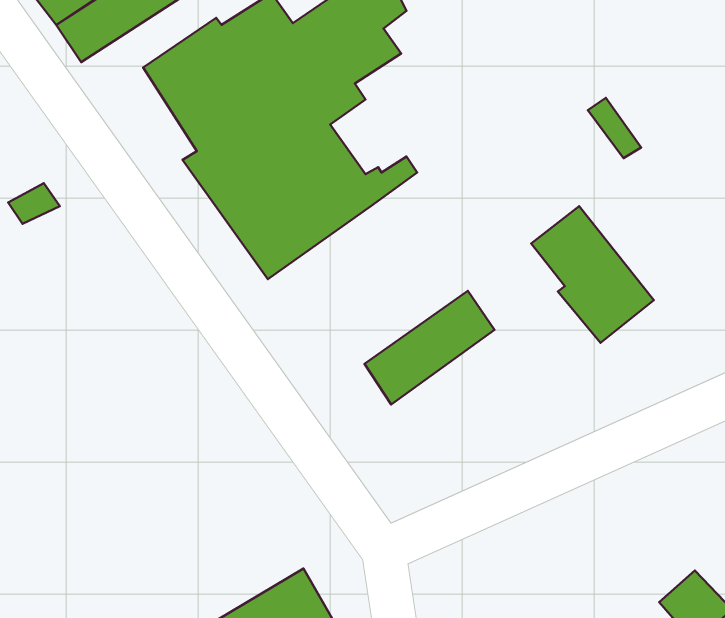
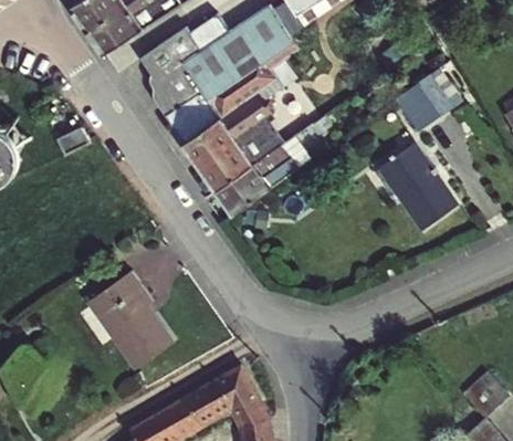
building: none -> [395,83,439,128]
building: [365,291,494,405] -> [218,143,299,213]
building: none -> [87,273,172,370]

